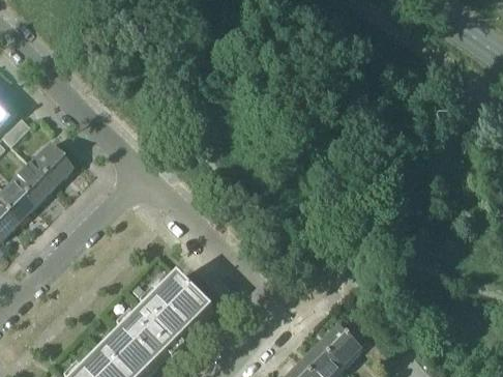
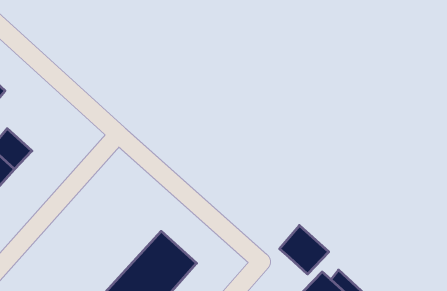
building: [21,150,63,193] -> none
building: none -> [280,225,329,274]

